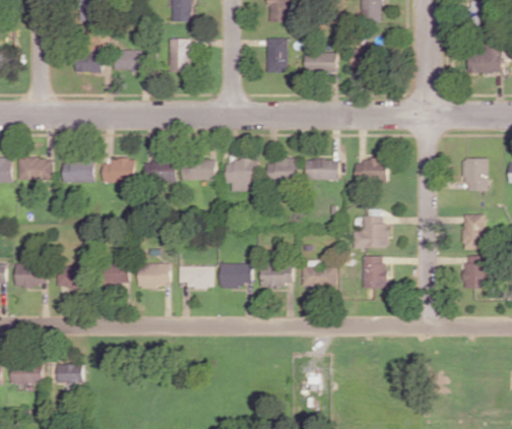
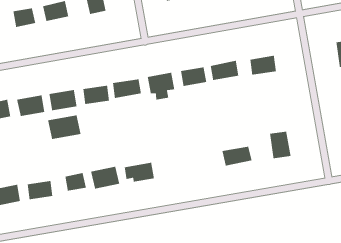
building: none -> [47,115,81,140]
building: [354,216,389,248] -> none
building: [219,262,252,287] -> none
building: [260,264,294,289] -> none

